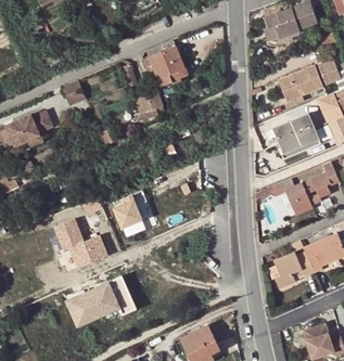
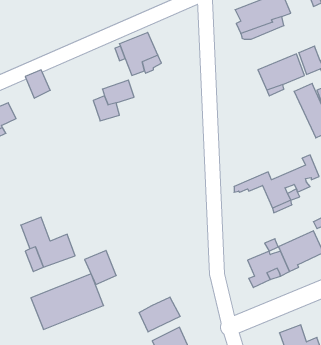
building: [277,111,324,155] -> none
building: [112,196,142,229] -> [85,250,116,284]
building: none -> [139,297,180,332]

